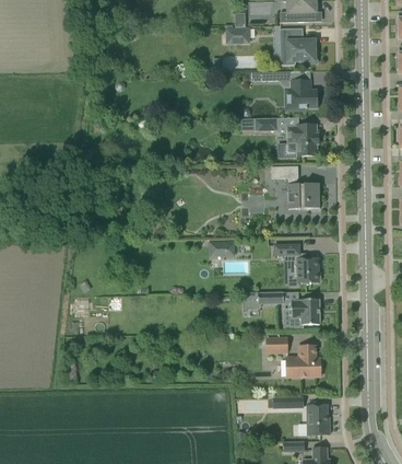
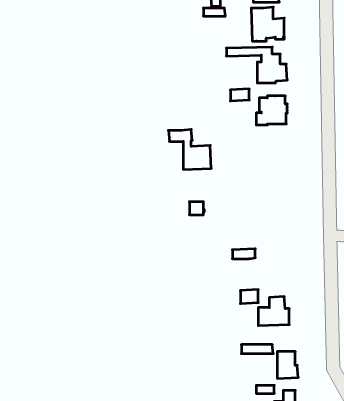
building: [272,165,319,209] -> [168,129,211,169]
building: [274,244,319,286] -> none
building: [289,299,319,326] -> none

